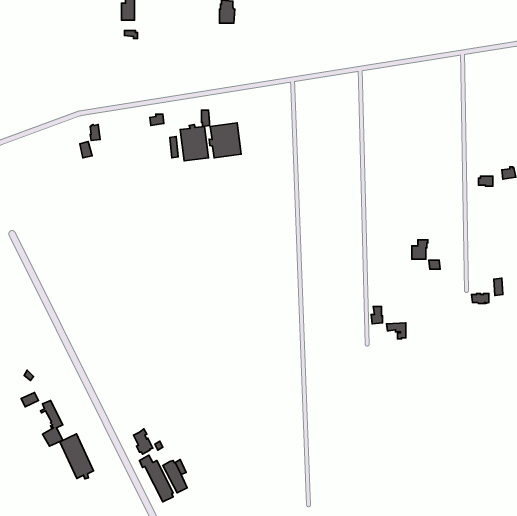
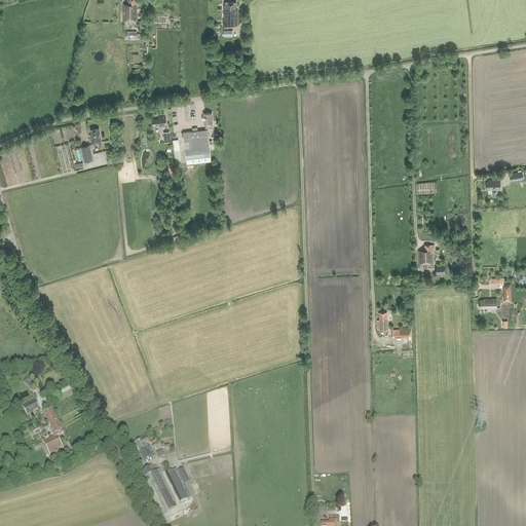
building: [209,123,241,158] -> none
building: [60,434,94,479] -> none

